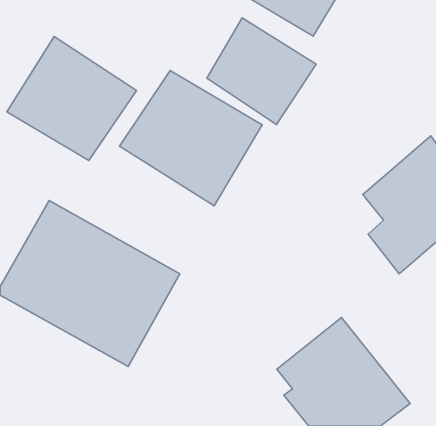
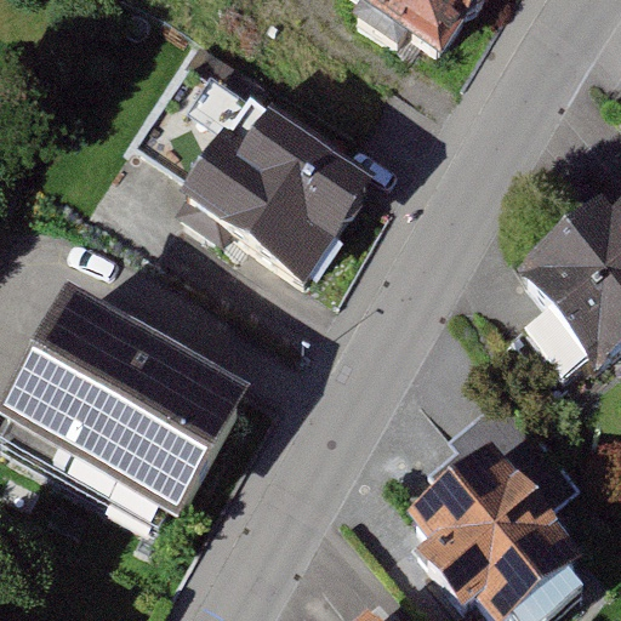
building: [207,18,316,125] -> none
building: [7,37,137,161] -> none

